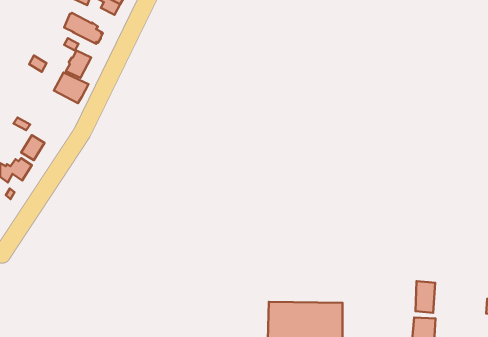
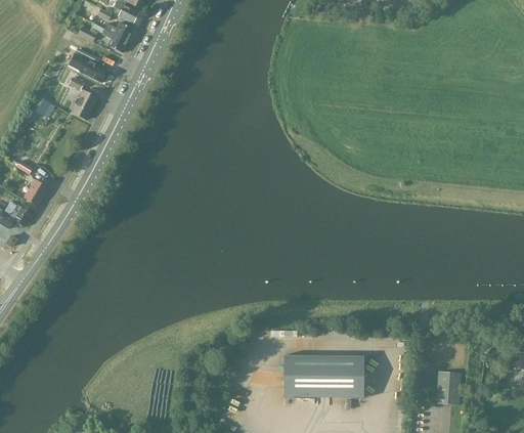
building: [54,72,88,103] -> none
building: [415,281,435,313] -> none

